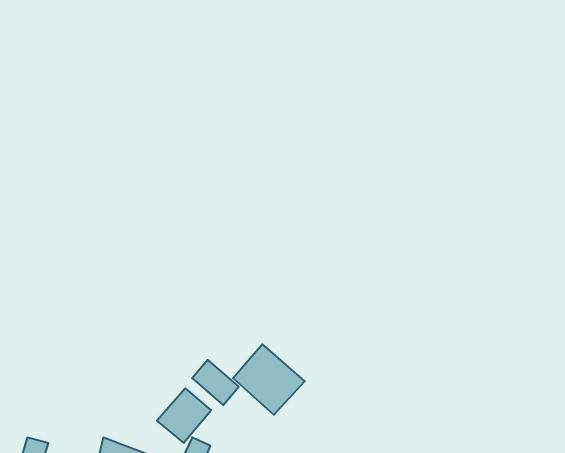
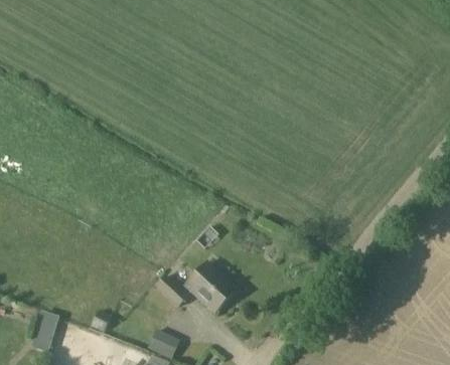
building: [157,388,211,443] -> none

